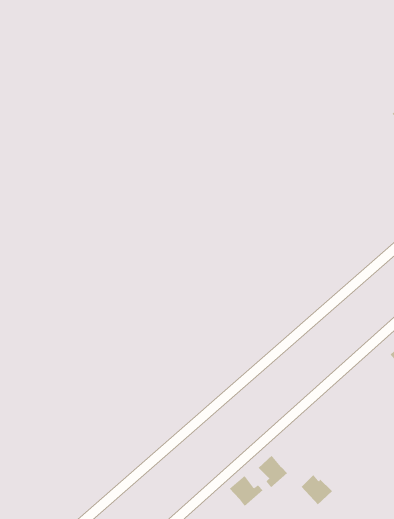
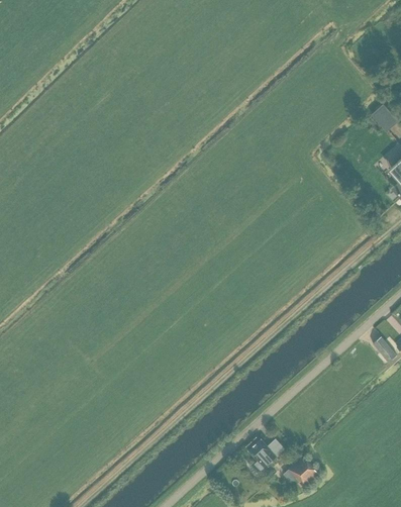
building: [229,475,264,507] -> none

